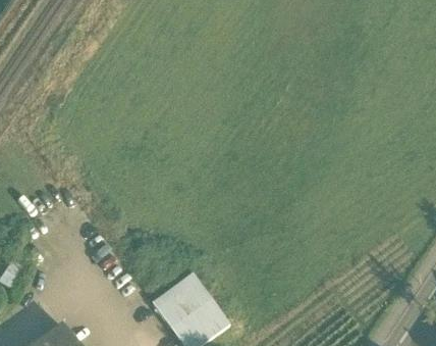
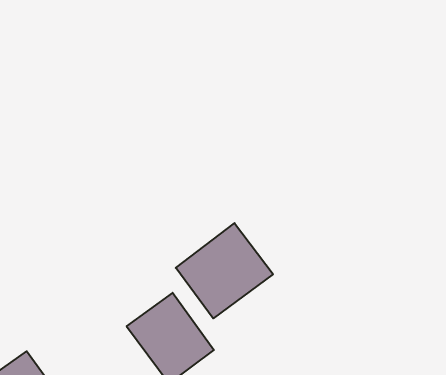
building: none -> [176,223,273,318]

